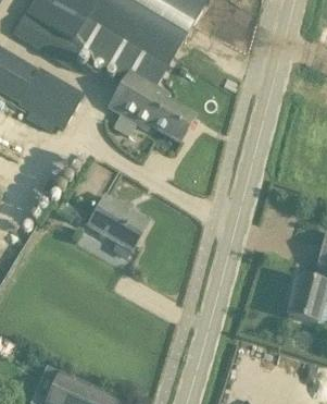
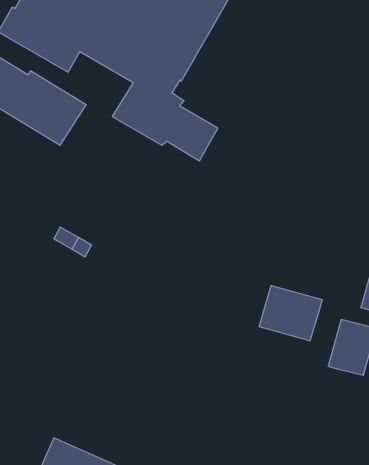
building: [85,194,148,250] -> none
building: none -> [259,285,322,341]

